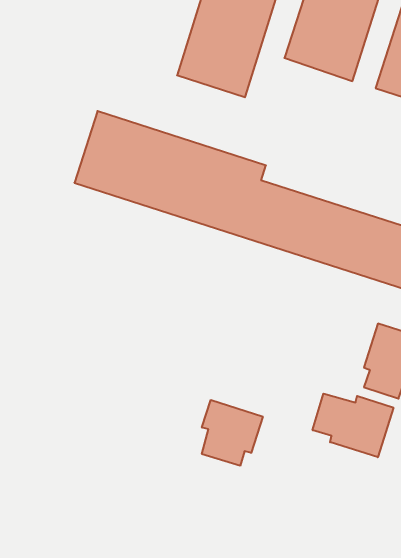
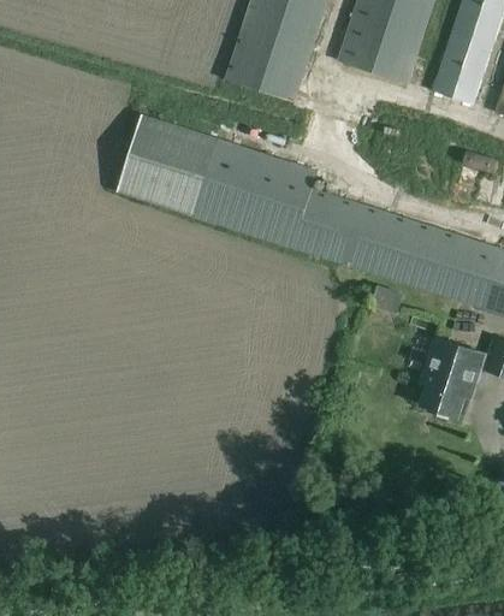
building: [313,394,393,457] -> none
building: [202,400,263,466] -> none

